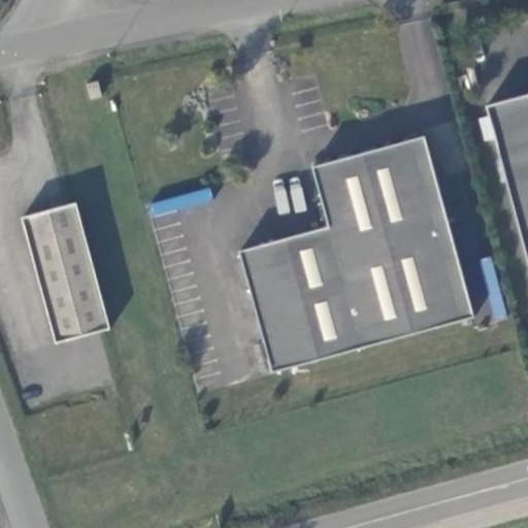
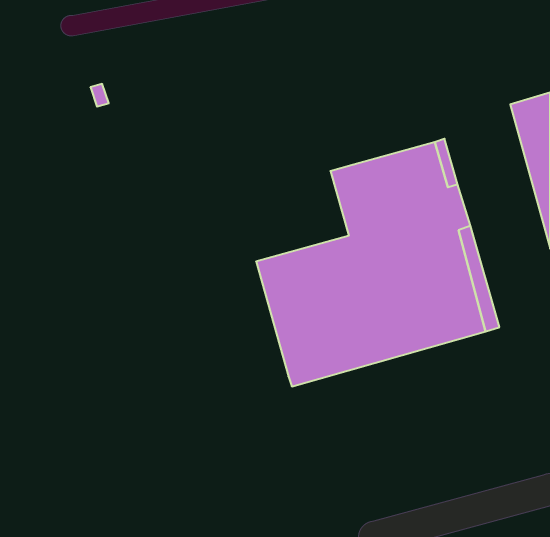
building: [16,198,105,337] -> none

